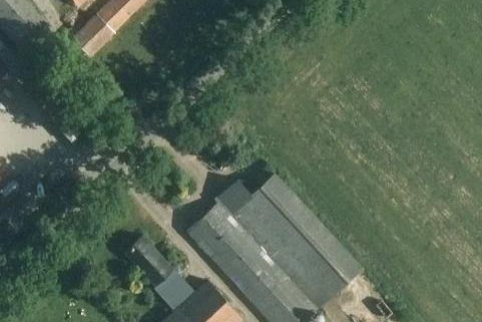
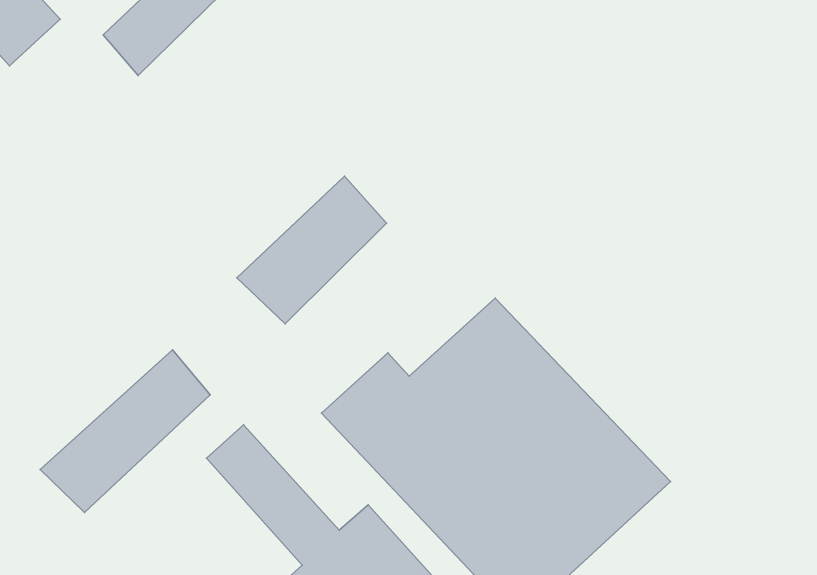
building: none -> [237,176,387,324]
building: none -> [40,350,210,513]

